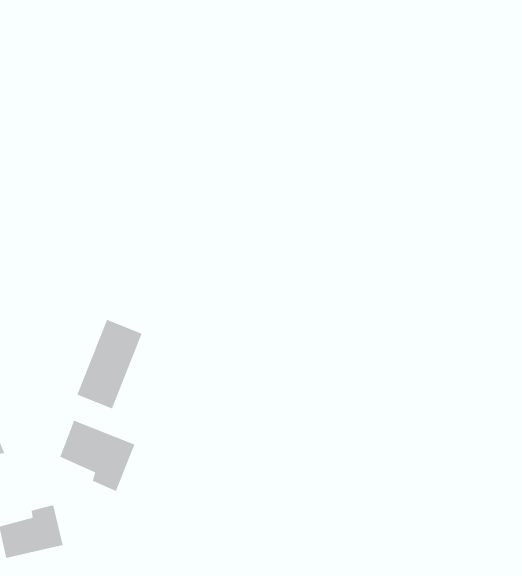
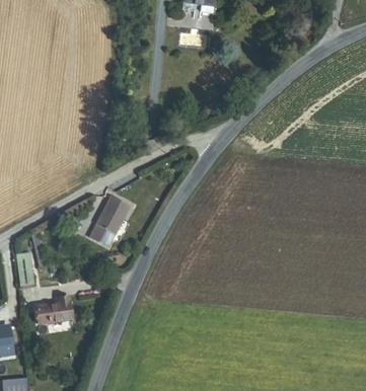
building: [59,420,135,492] -> none

